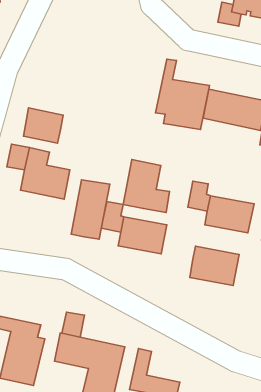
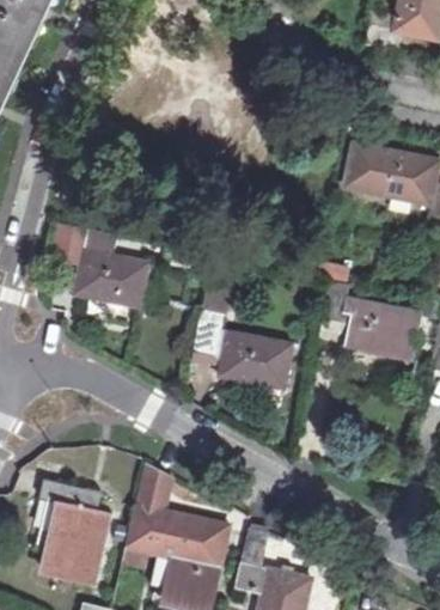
building: [156,59,210,130] -> none
building: [23,108,63,143] -> none
building: [123,160,169,213] -> none
building: [71,180,110,239] -> none
building: [190,246,239,286] -> none

